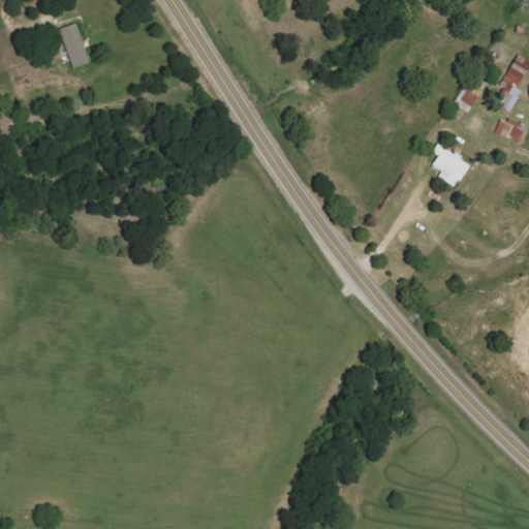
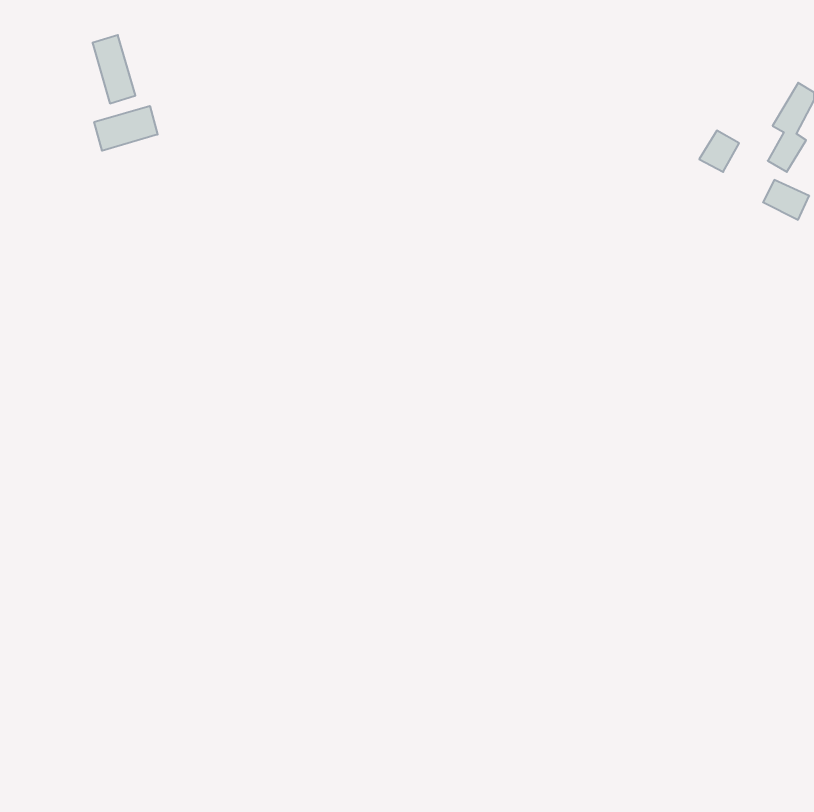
building: none -> [94,106,158,151]
building: [432,144,470,187] -> none

